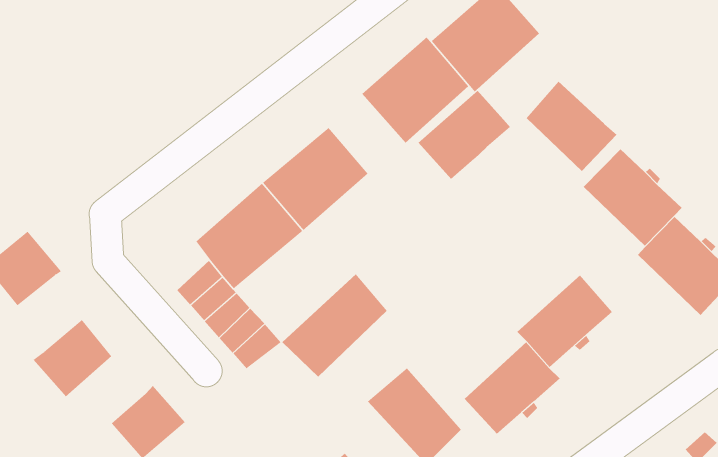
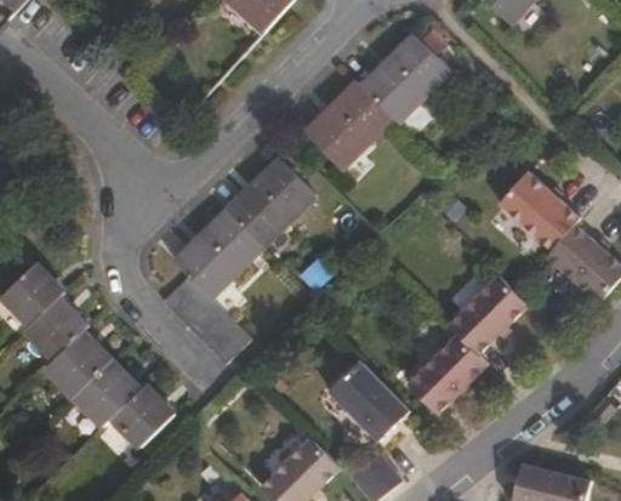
building: [526,81,618,172] -> none
building: [418,90,511,180] -> none
building: [282,273,388,378] -> none
building: none -> [24,300,90,364]
building: none -> [75,364,141,429]

